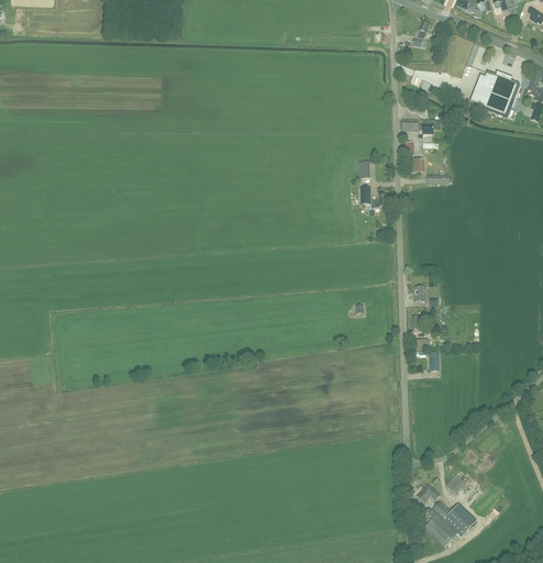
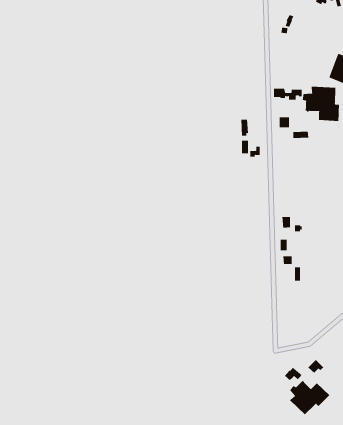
building: none -> [302,86,339,122]

